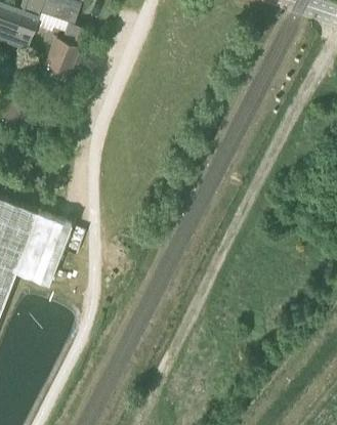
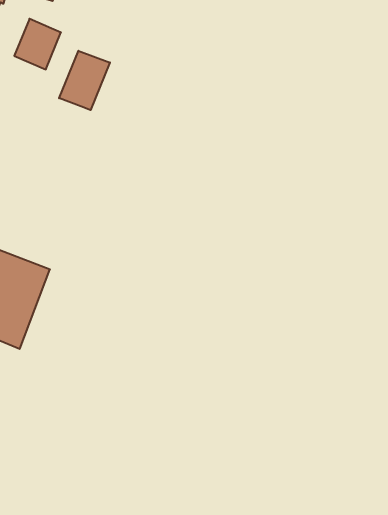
building: none -> [59,51,110,110]

